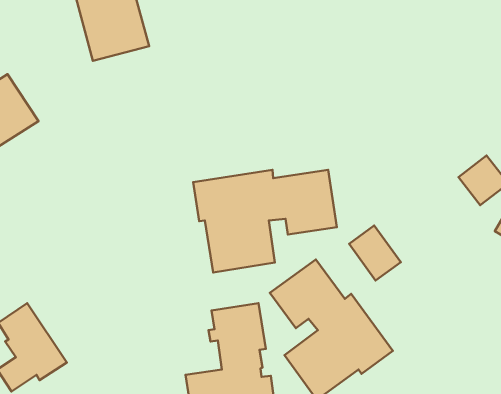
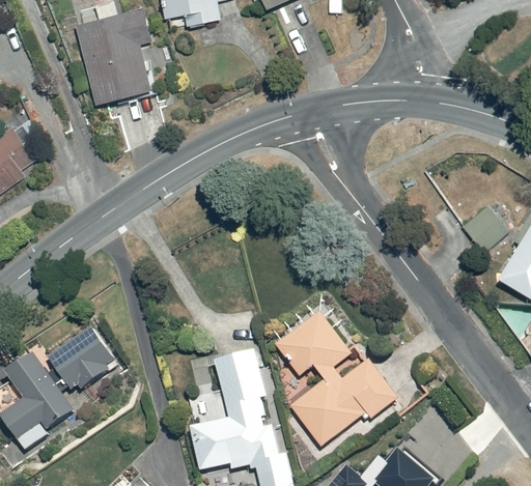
building: [193,170,337,272] -> none
building: [349,226,401,280] -> none
building: none -> [47,324,117,392]

